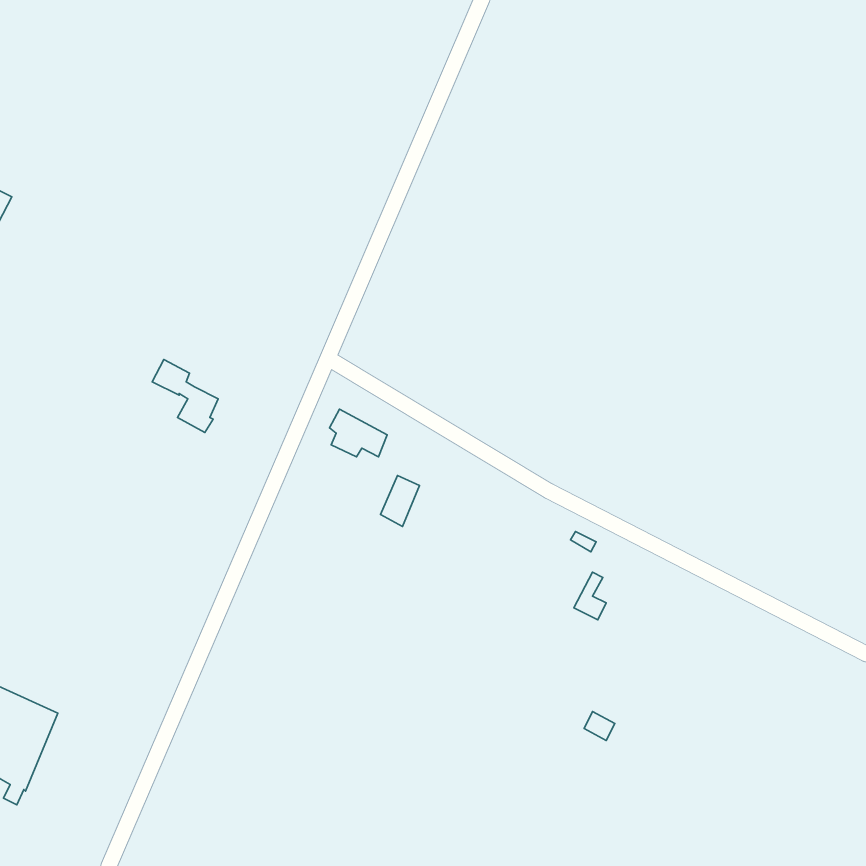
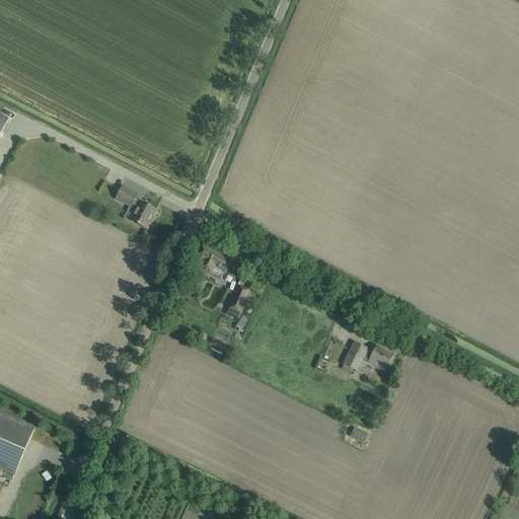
building: [152,360,218,433] -> [115,186,154,229]
building: none -> [354,345,392,369]

